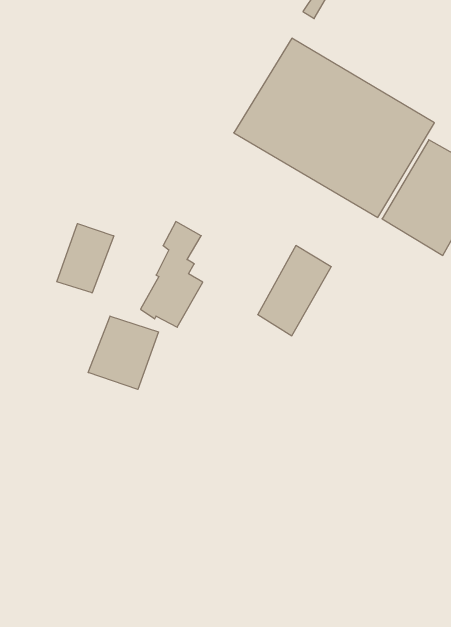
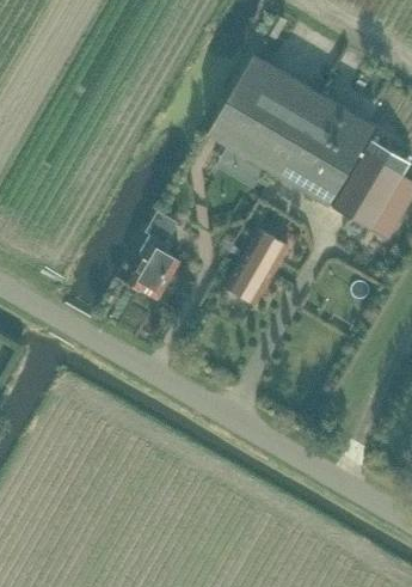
building: [57,224,114,293] -> none
building: [88,316,158,389] -> none

